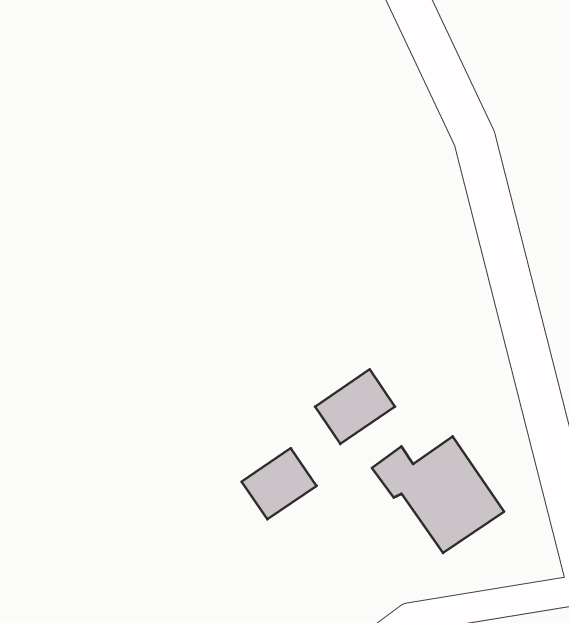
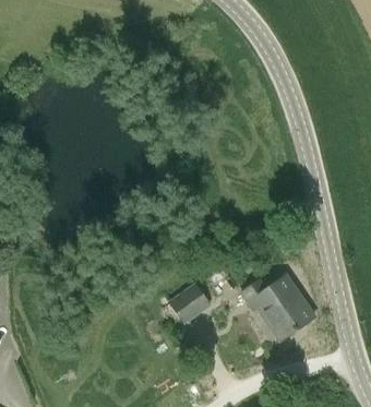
building: [315,369,395,444] -> none

